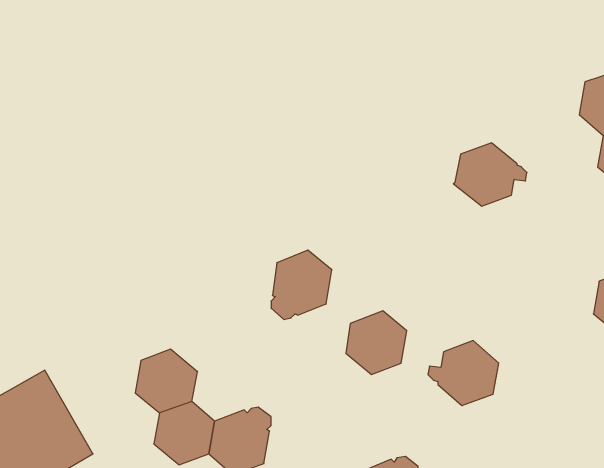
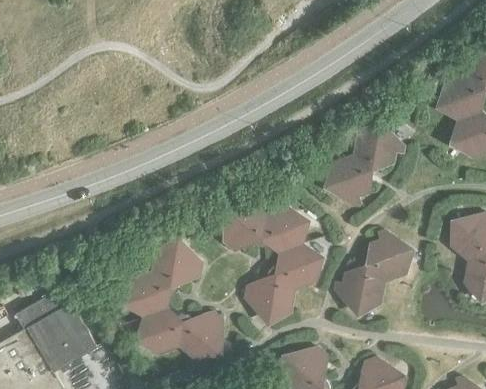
building: none -> [329,155,372,207]
building: none -> [262,208,305,254]
building: none -> [366,231,410,282]
building: none -> [152,242,203,288]
building: none -> [244,275,294,320]

